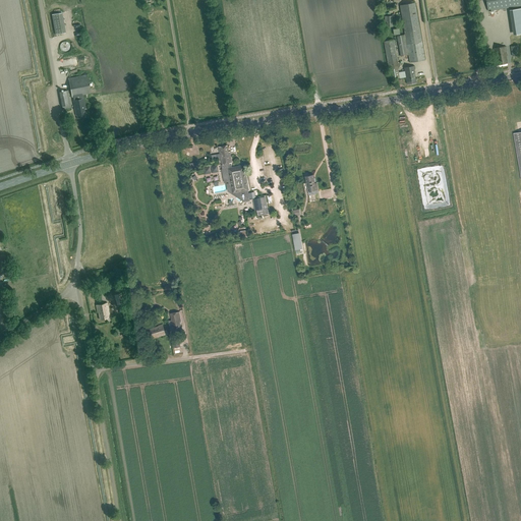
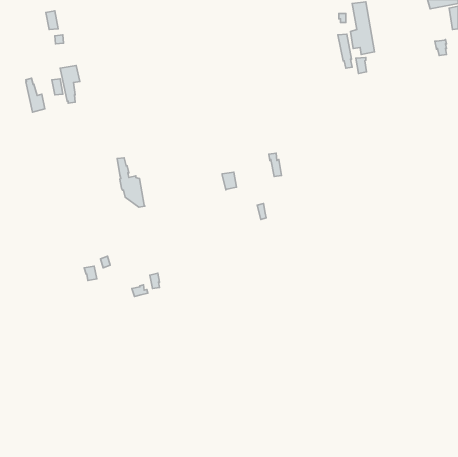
building: none -> [26,78,45,112]
building: [219,144,250,200] -> [117,158,145,207]

